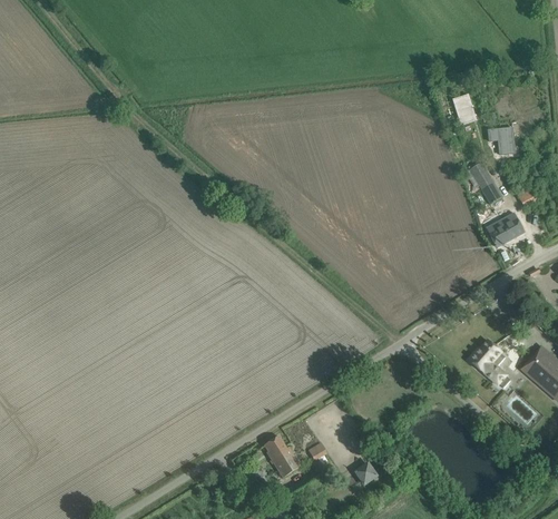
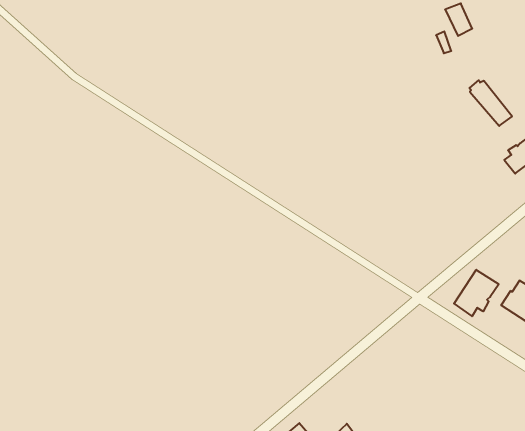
building: [489,127,516,155] -> none
building: none -> [454,270,499,316]

